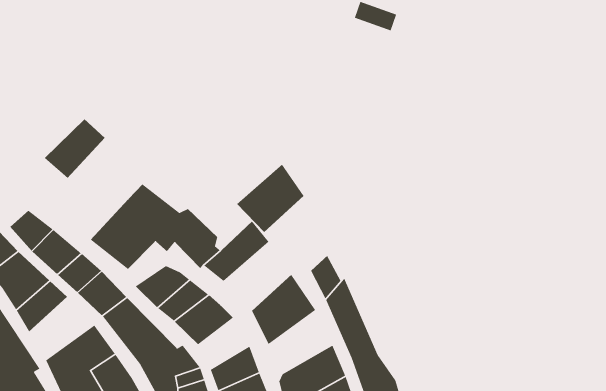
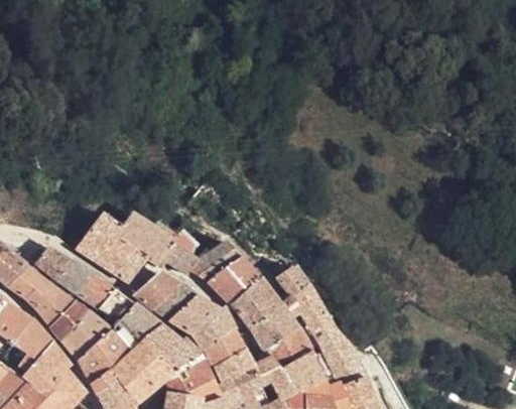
building: [44,119,106,179] -> [80,218,126,266]
building: [236,164,304,233] -> [208,252,260,307]
building: none -> [60,312,111,364]
building: none -> [248,301,298,354]
building: none -> [194,312,234,357]

